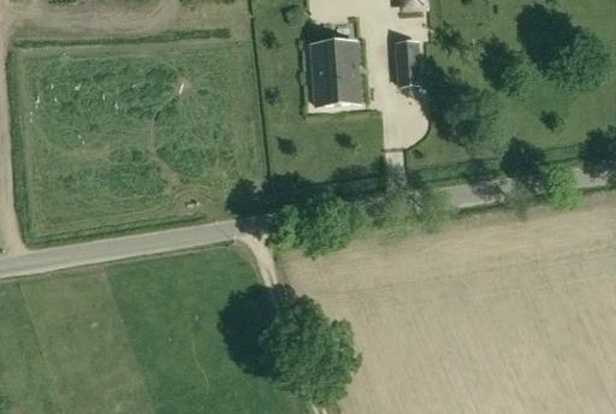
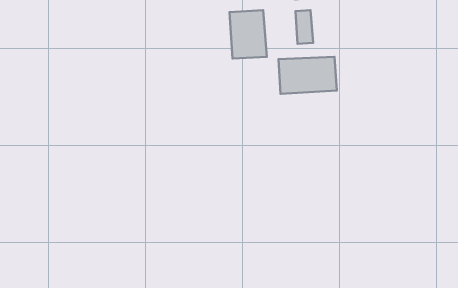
building: none -> [278,57,337,94]

